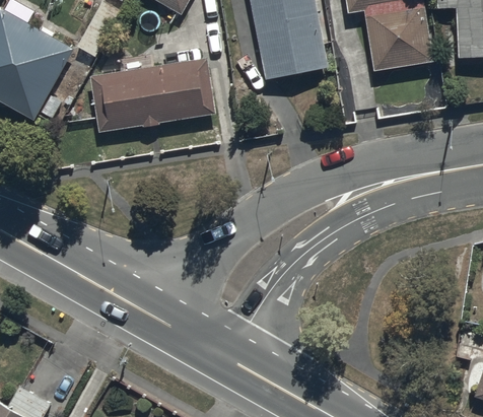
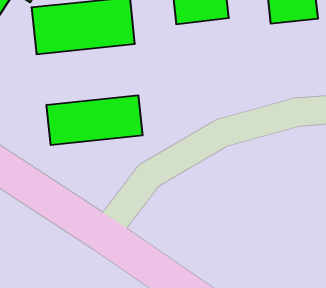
building: none -> [47,95,142,145]

